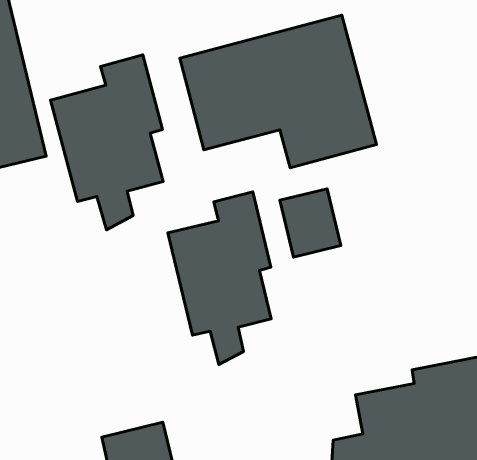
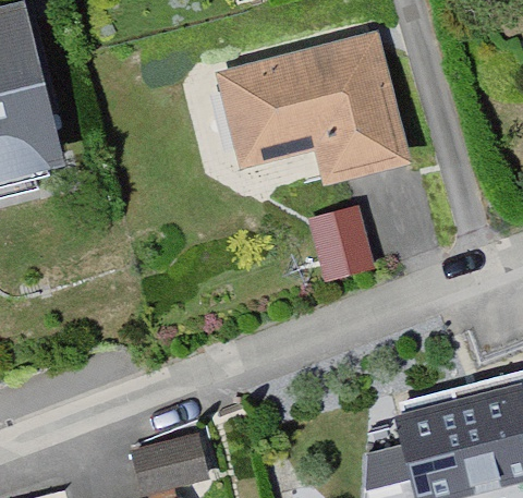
building: [51,55,163,230] -> none
building: [168,192,271,365] -> none

